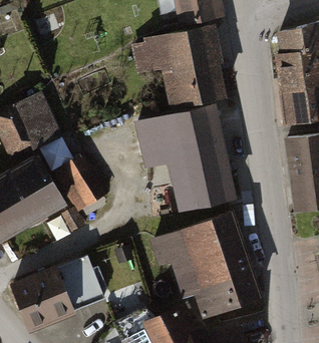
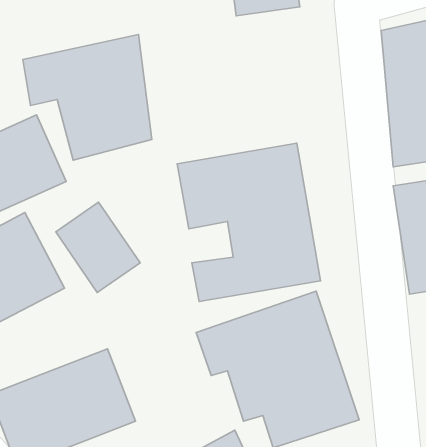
building: [136,26,224,111] -> [23,34,152,160]

